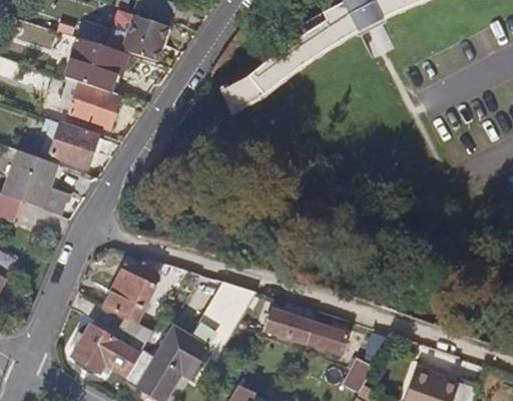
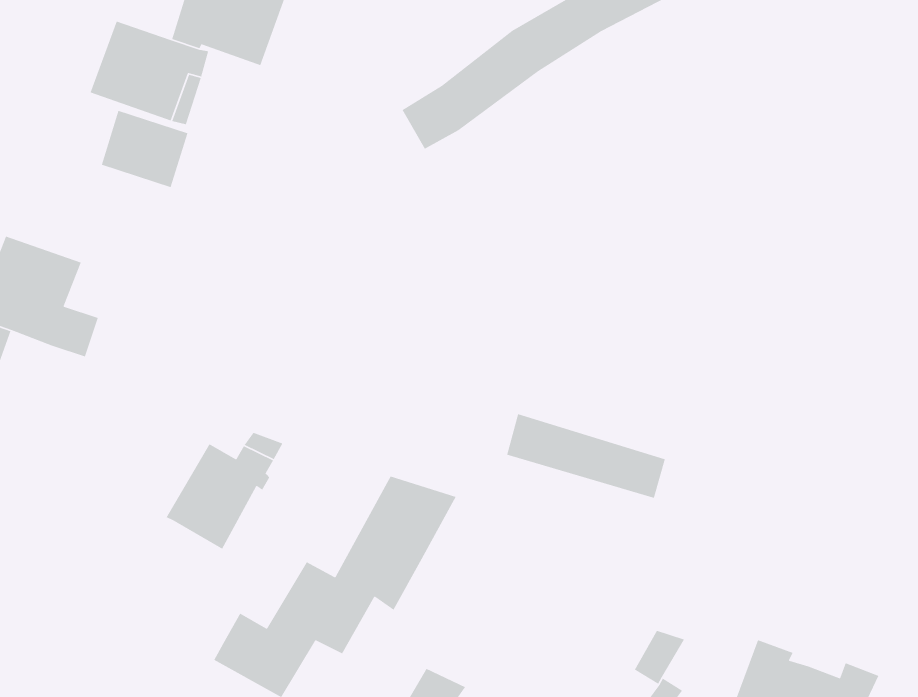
building: [42,119,96,167] -> none
building: [75,303,153,370] -> none
building: [264,306,348,351] -> [506,413,666,499]

